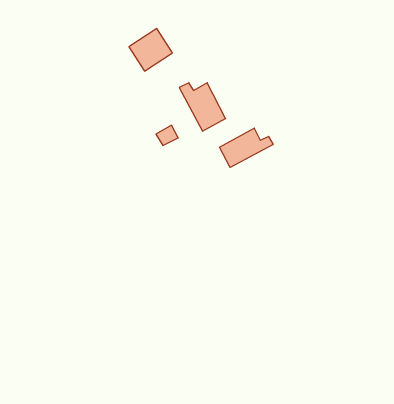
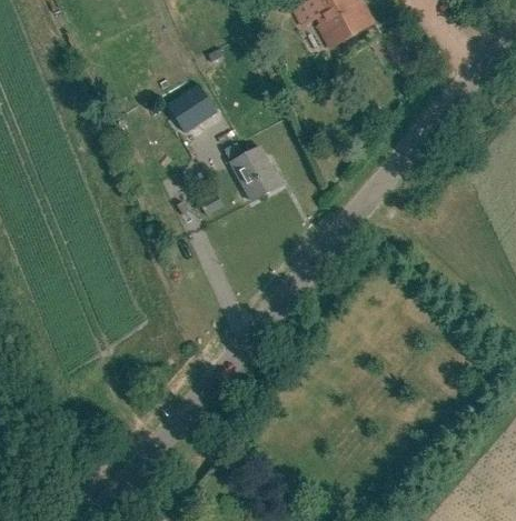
building: [220,128,273,167] -> none

